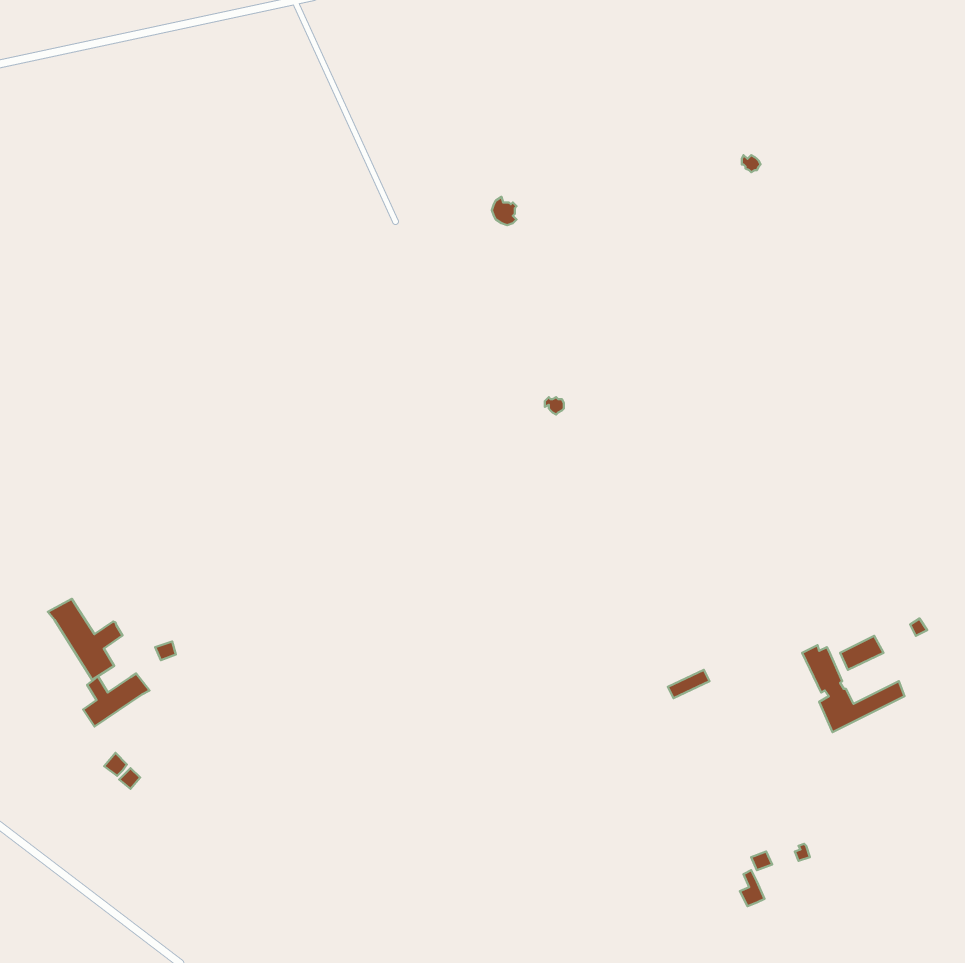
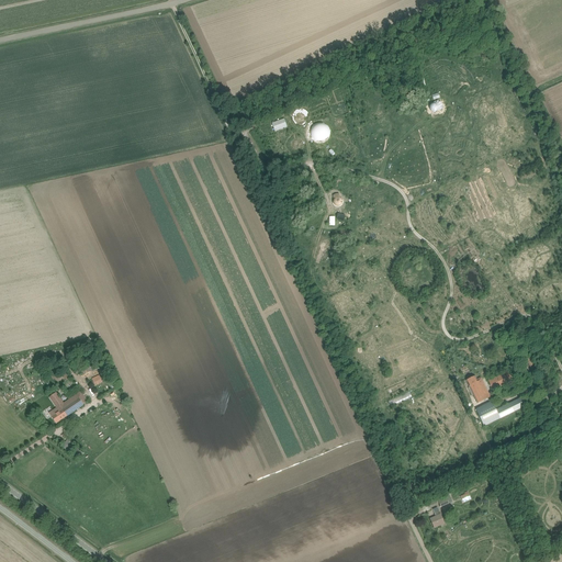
building: [48,599,122,680] -> none

